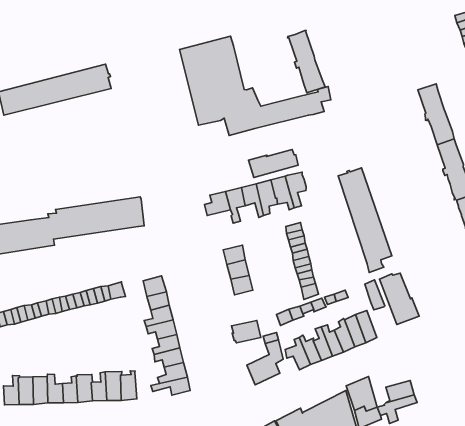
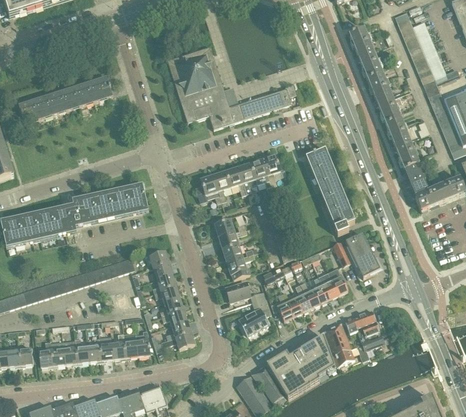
building: [288,30,325,93] -> [349,28,383,80]
building: [249,150,298,177] -> none
building: none -> [226,252,255,279]
building: none -> [345,309,377,333]

